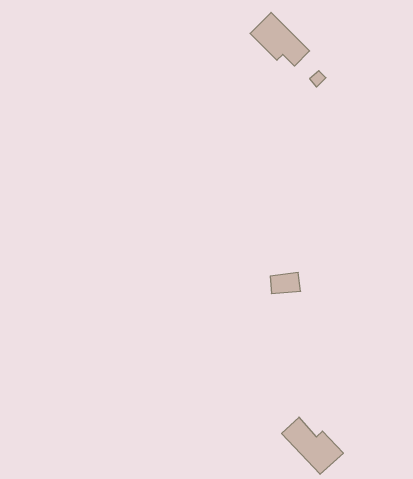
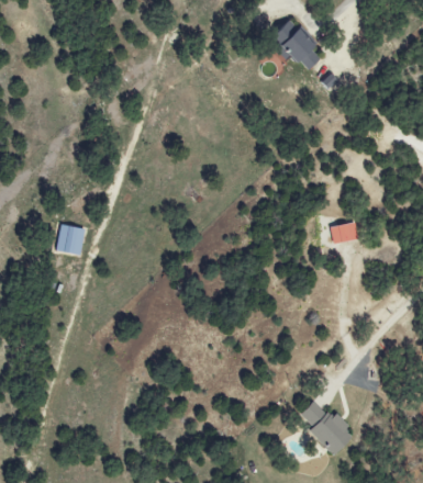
building: none -> [55,224,86,256]
building: [270,273,301,294] -> [332,223,360,243]

